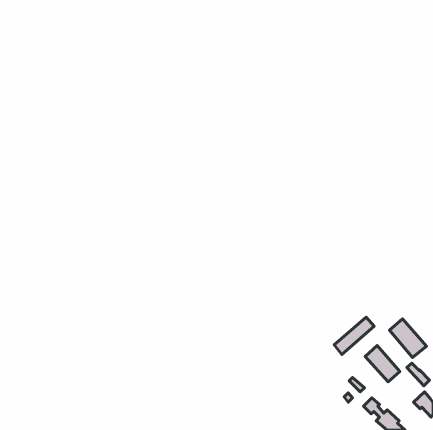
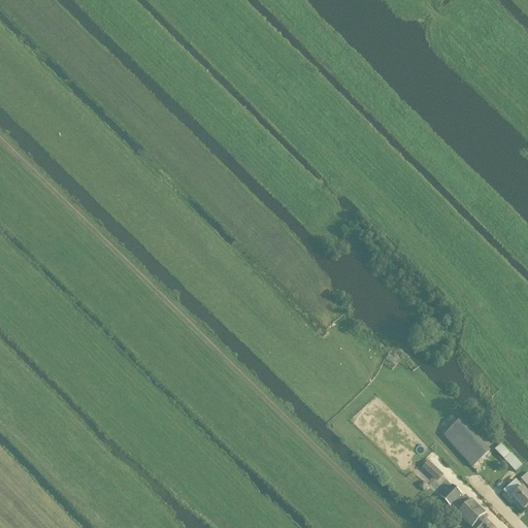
building: [334,317,374,354] -> none
building: [390,319,426,358] -> none

